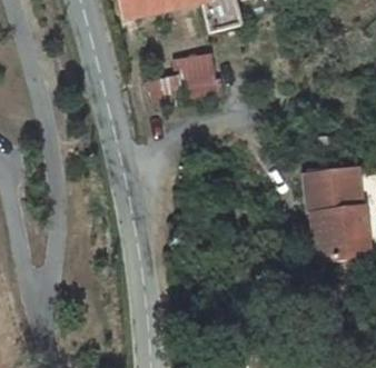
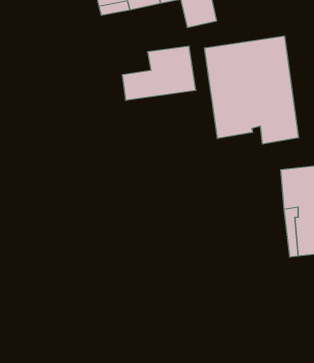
building: none -> [205,36,299,144]

